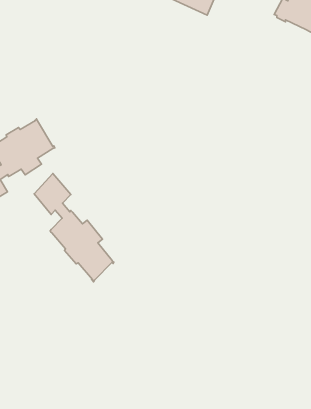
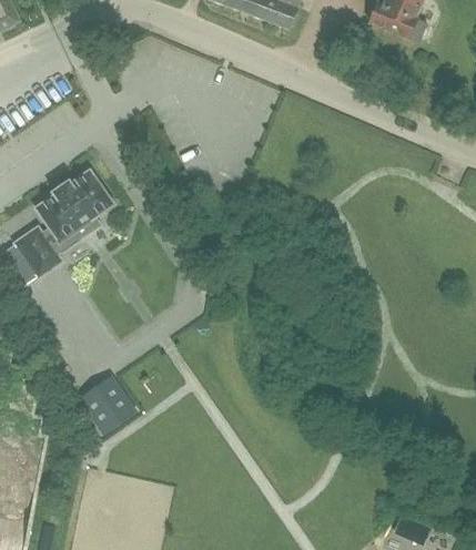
building: [34,173,114,282] -> none
building: none -> [75,375,132,431]

